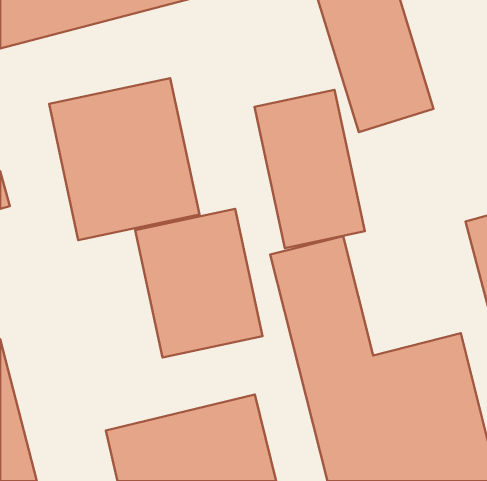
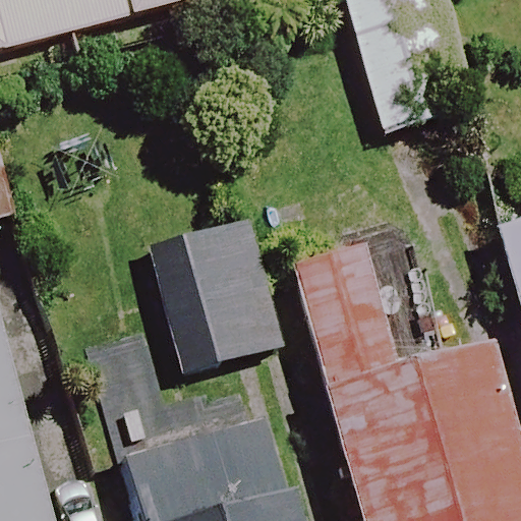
building: [49,78,199,240] -> none
building: [255,90,365,248] -> none

